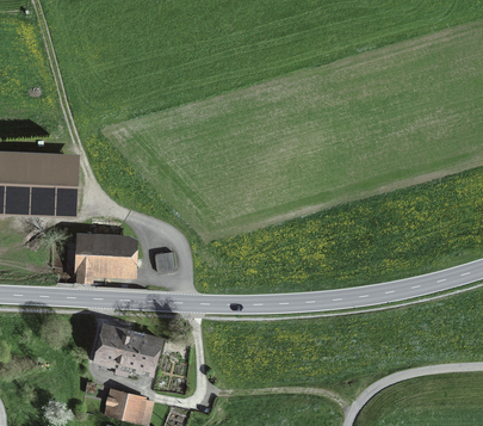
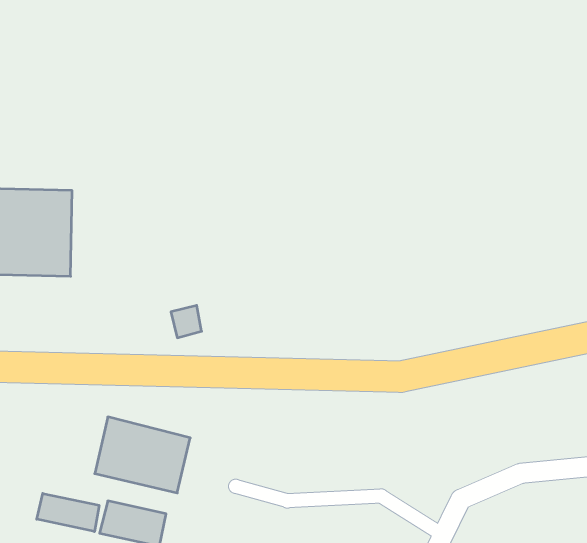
building: [74,234,136,283] -> none
building: none -> [37,493,99,532]

